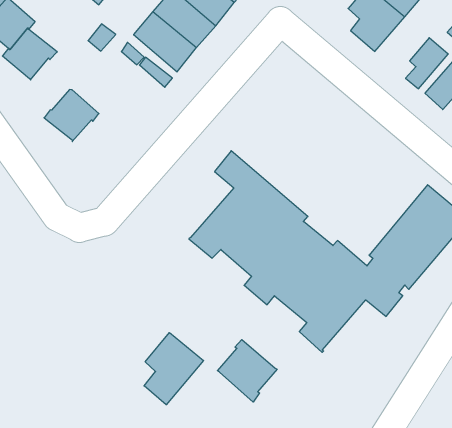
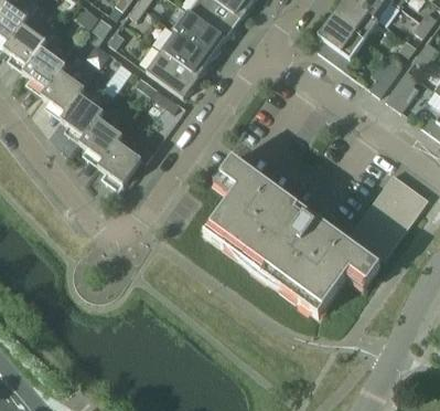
building: none -> [61,93,105,135]
building: none -> [98,130,154,183]
building: [144,333,204,405] -> none
building: [217,340,277,402] -> none

